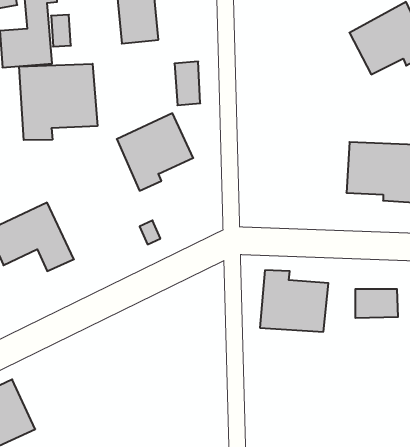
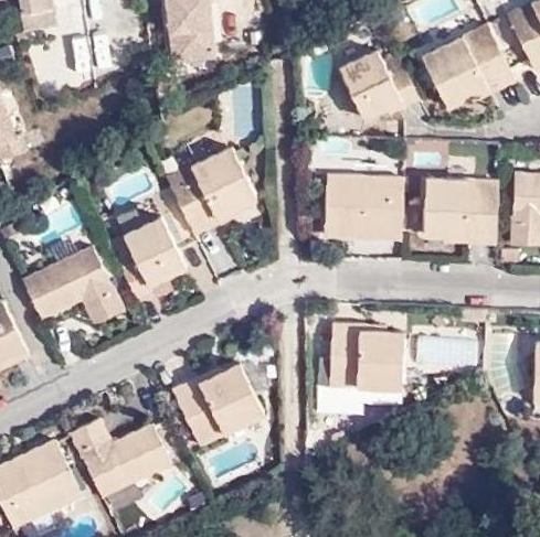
building: none -> [339,47,421,117]
building: [19,64,97,140] -> none
building: none -> [321,176,407,237]
building: none -> [120,216,181,296]
building: none -> [170,367,258,445]
building: none -> [72,421,168,495]

